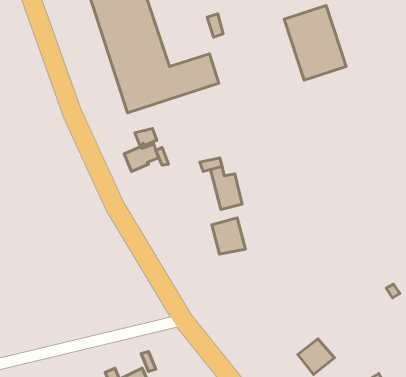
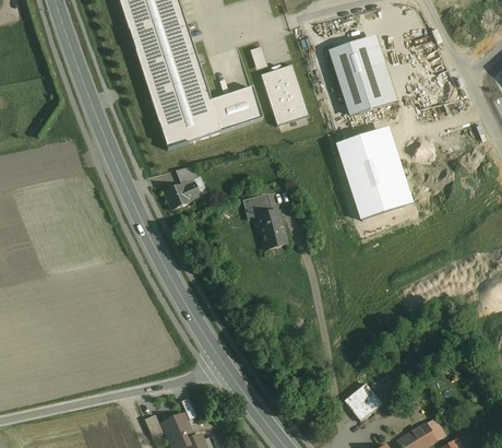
building: none -> [261,63,309,125]
building: none -> [334,126,414,221]
building: [212,218,246,254] -> none

